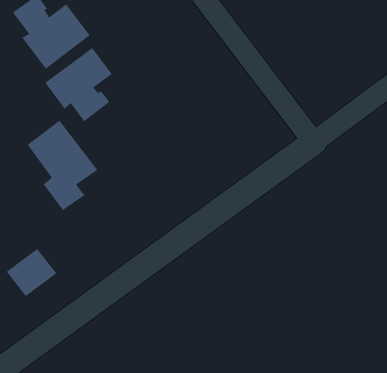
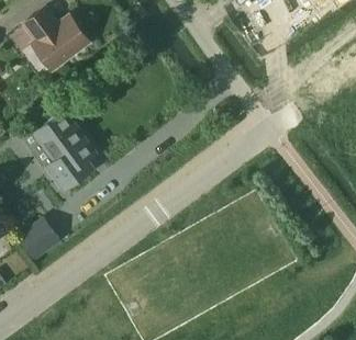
building: [44,47,112,122] -> none

